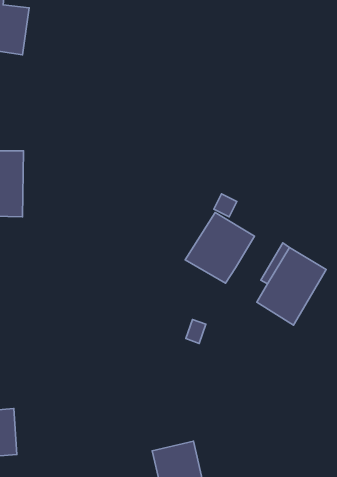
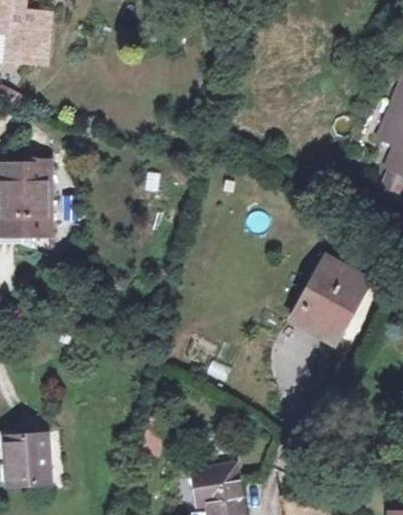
building: [185,212,255,283] -> none

